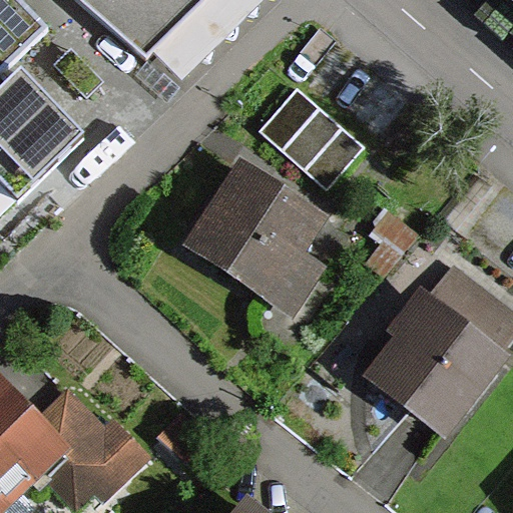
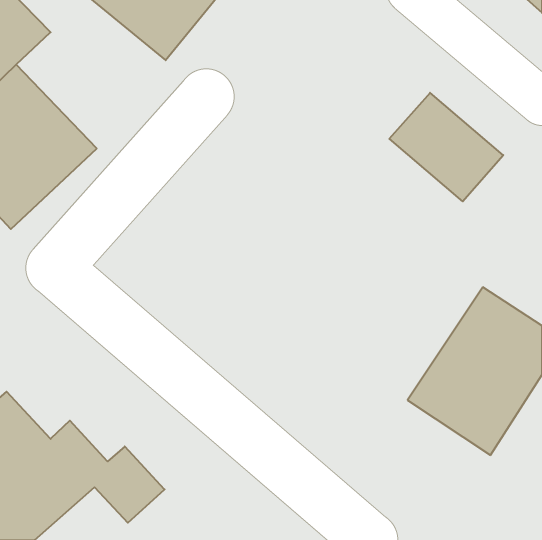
building: [252,84,359,185] -> [389,93,503,201]
building: [177,160,324,318] -> none

